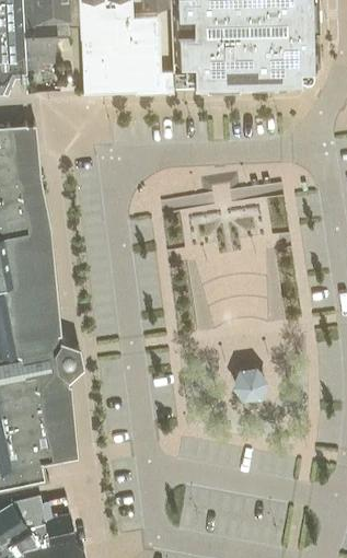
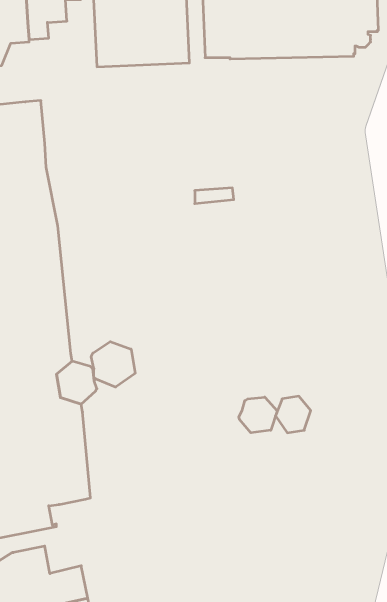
building: none -> [91,342,135,387]
building: none -> [239,397,277,433]

